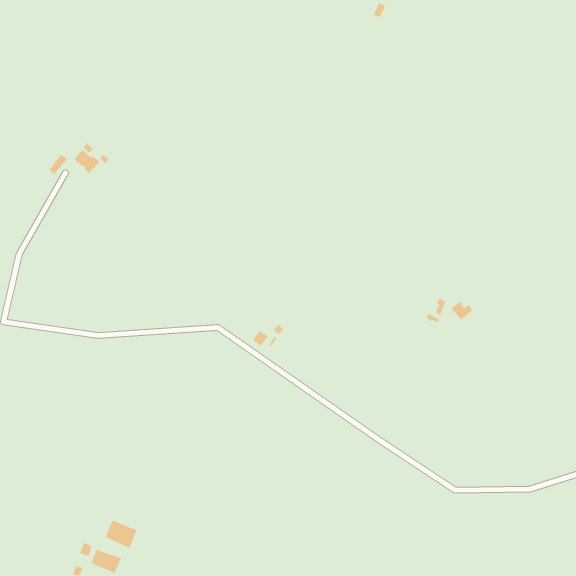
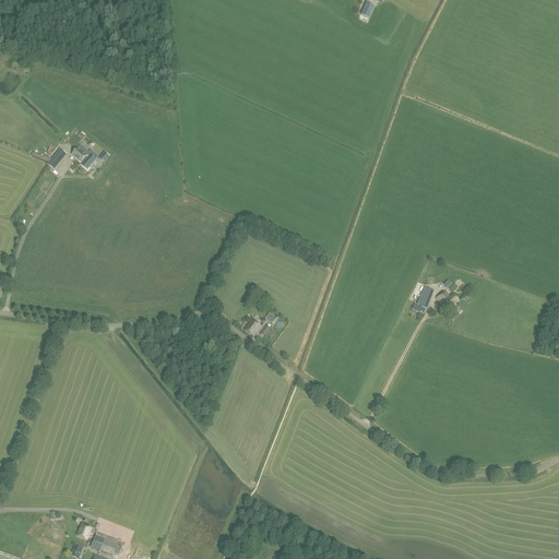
building: [105,520,137,549] -> none

